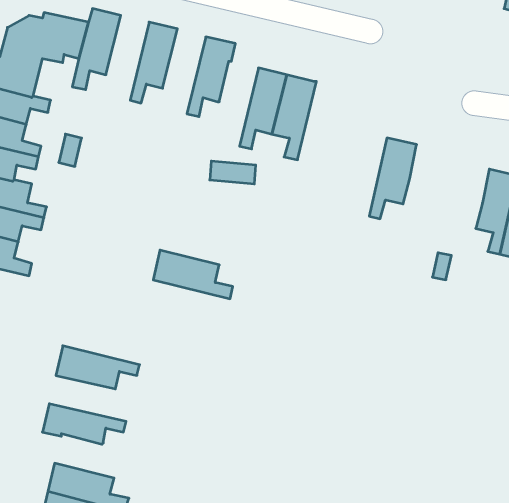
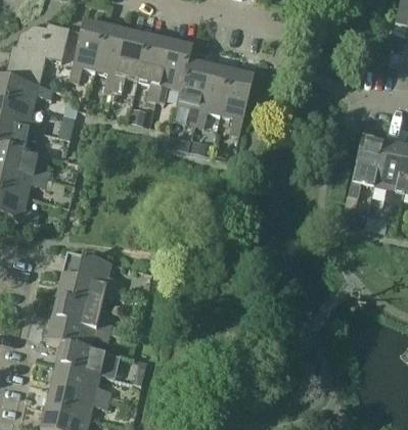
building: none -> [94,25,127,89]
building: none -> [137,35,170,99]
building: none -> [176,59,210,124]
building: [369,138,417,219] -> [349,136,384,197]
building: [153,250,233,299] -> [61,252,122,289]
building: none -> [51,297,111,332]
building: none -> [55,341,120,375]

